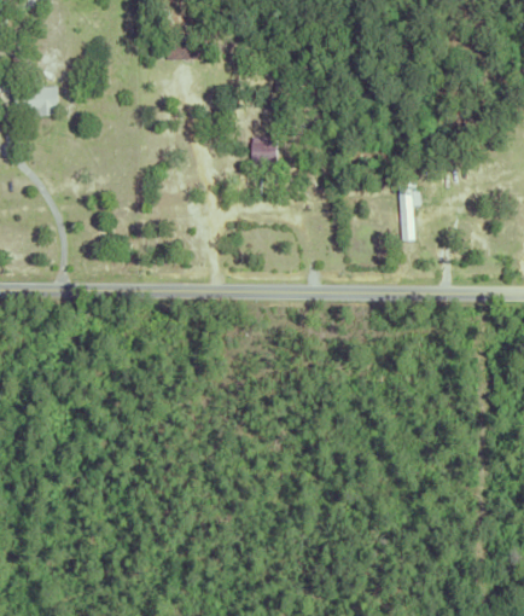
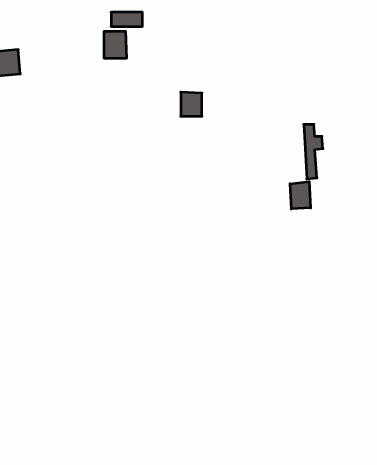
building: none -> [104,31,126,58]
building: none -> [290,182,311,209]

